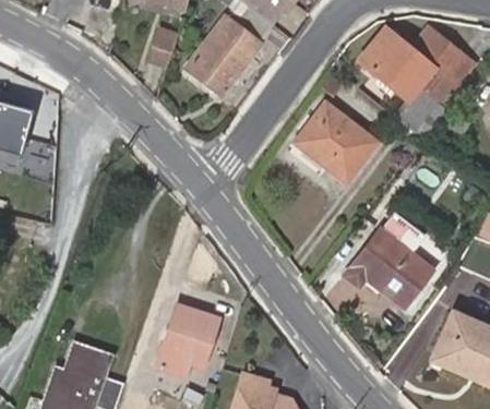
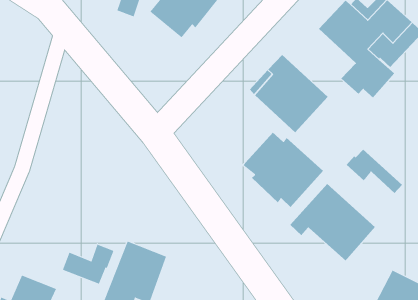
building: none -> [243,132,324,208]
building: none -> [346,149,403,194]
building: none -> [62,244,114,284]

